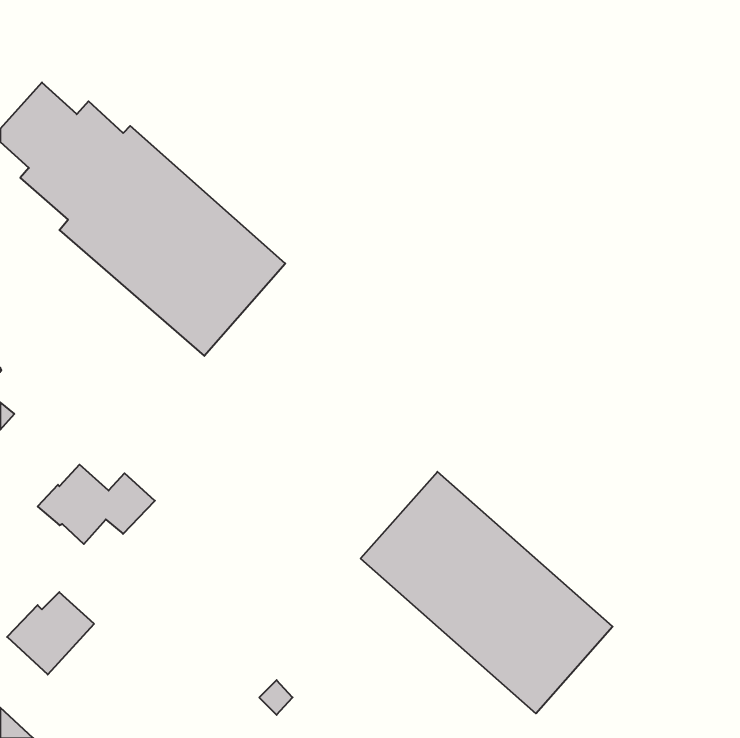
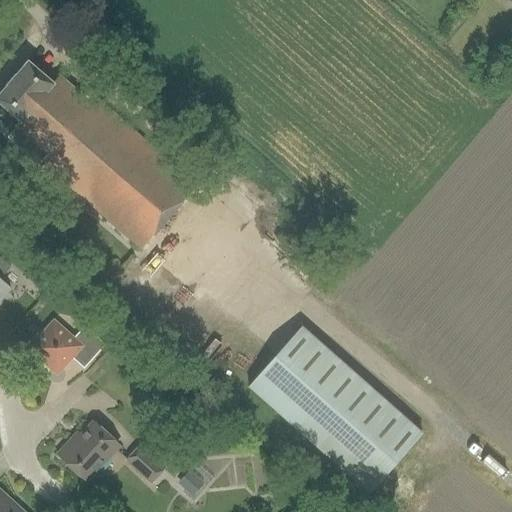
building: [7,592,94,675] -> [58,423,118,480]
building: none -> [128,447,163,481]

